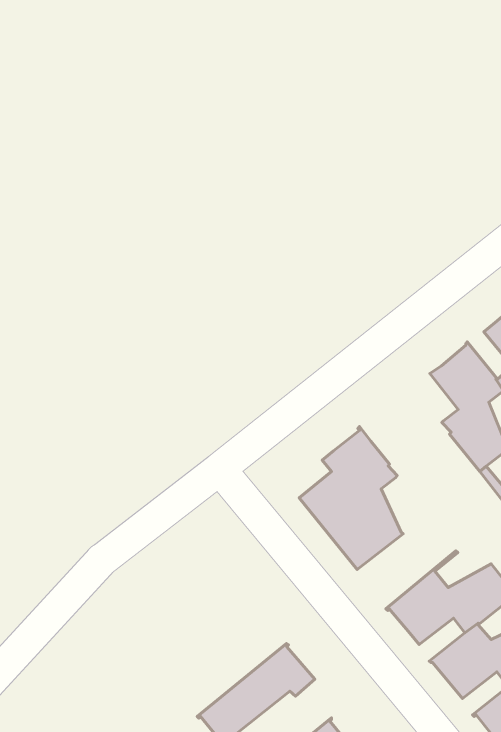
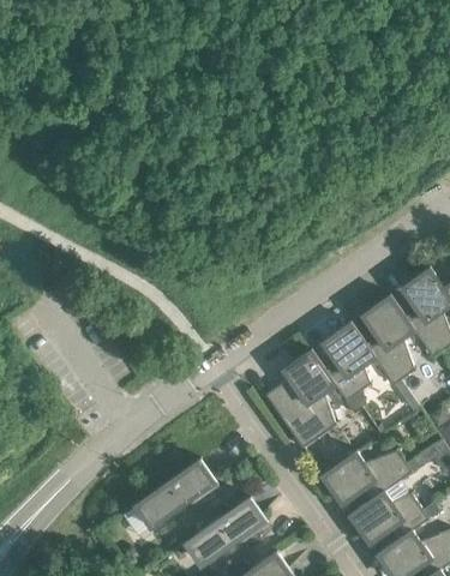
building: none -> [318,323,374,403]
building: none -> [121,458,217,536]

